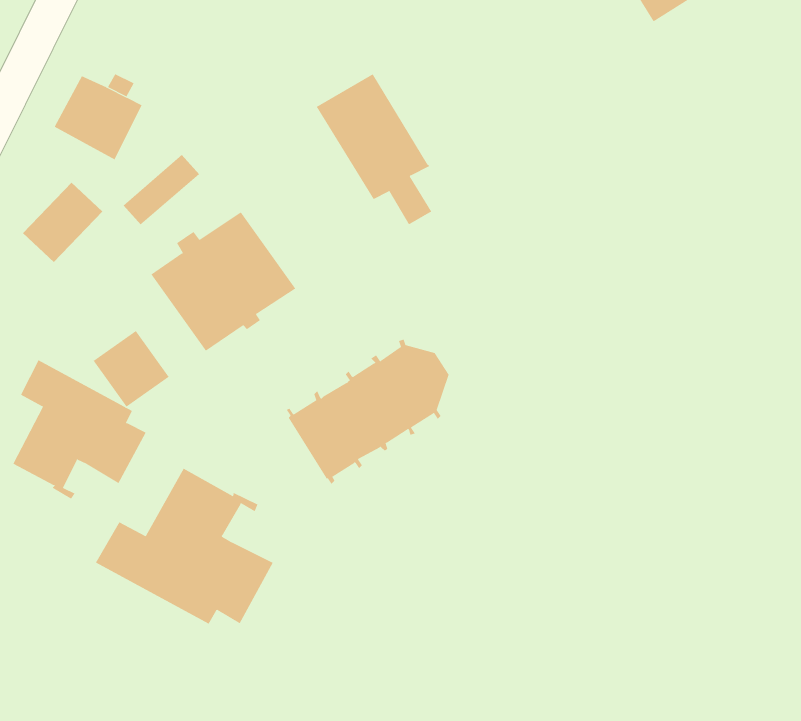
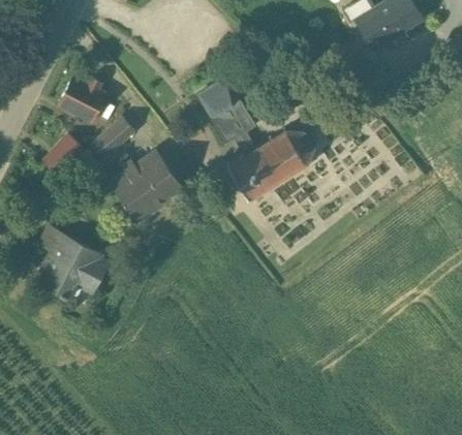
building: [93,330,169,407] -> none
building: [286,339,449,485] -> [225,127,311,204]
building: [95,468,273,624] -> none

